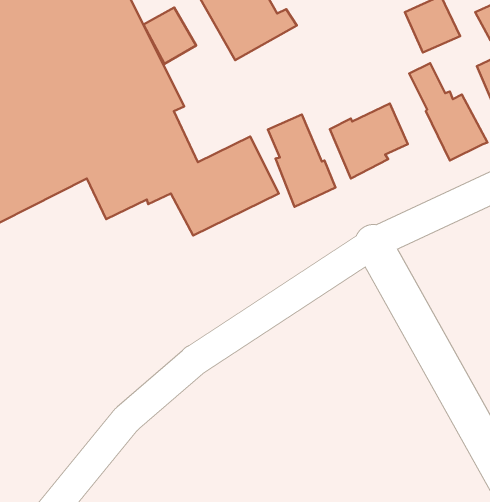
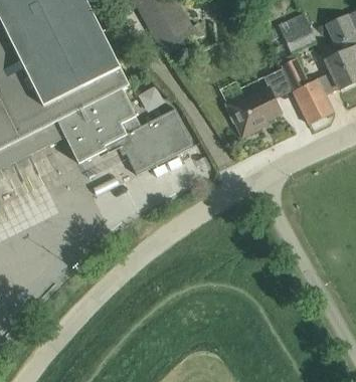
building: [143,7,196,64] -> none
building: [268,114,335,207] -> none

